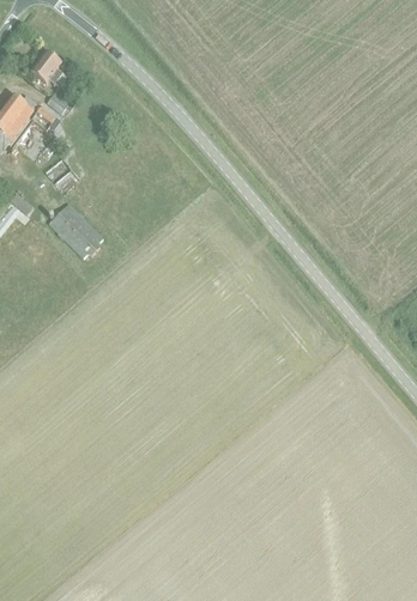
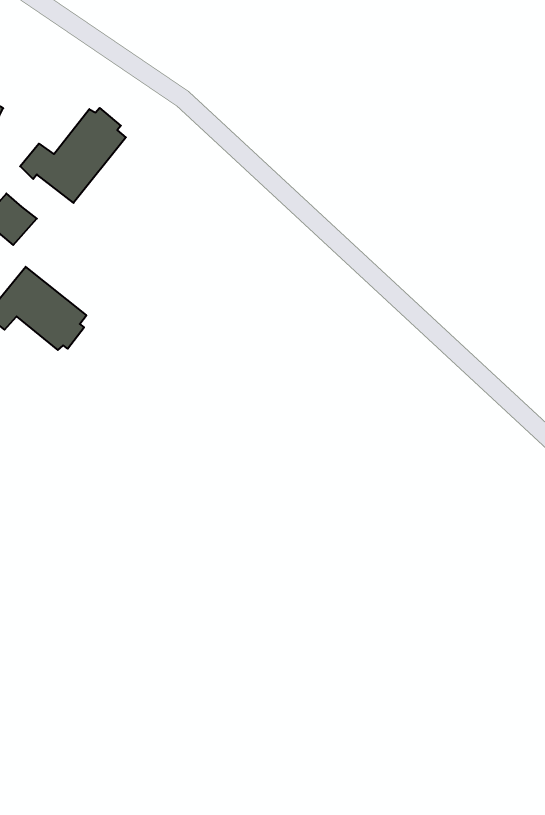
building: none -> [20,108,126,203]

